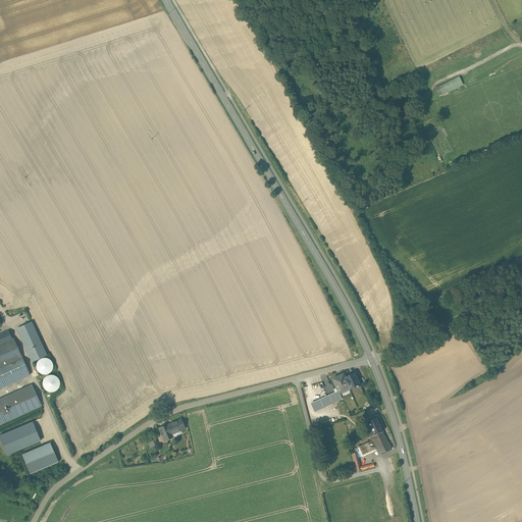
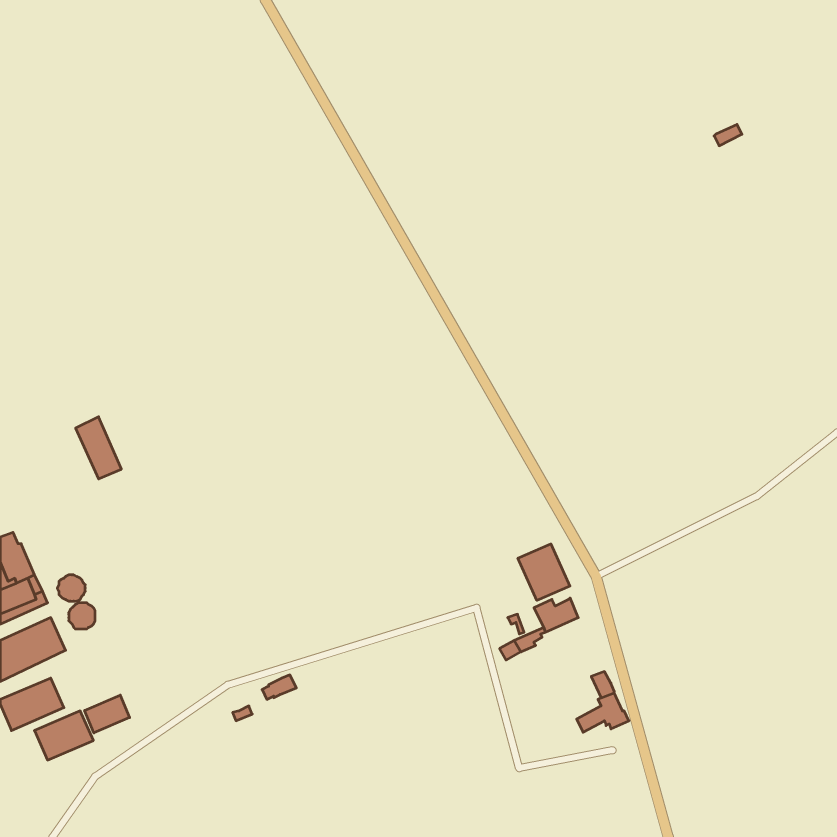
building: [17,322,46,361] -> [76,417,121,479]
building: none -> [518,544,570,600]
building: none -> [85,695,130,733]

